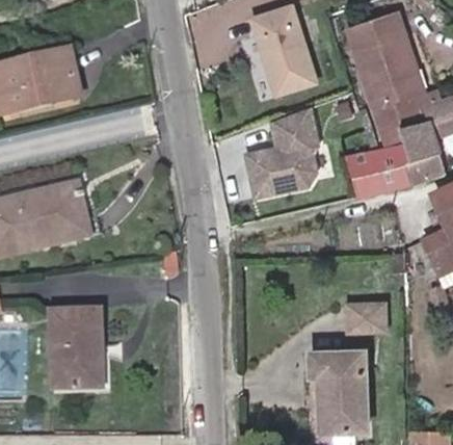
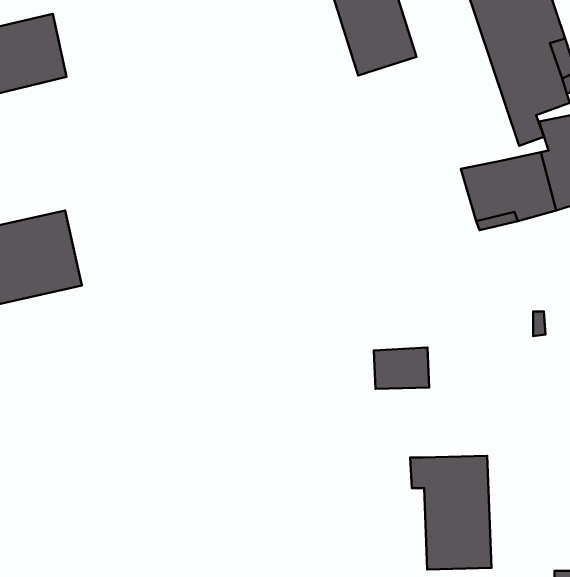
building: [246,107,319,197] -> none
building: [348,303,385,331] -> [374,348,429,389]
building: [51,311,103,389] -> none

